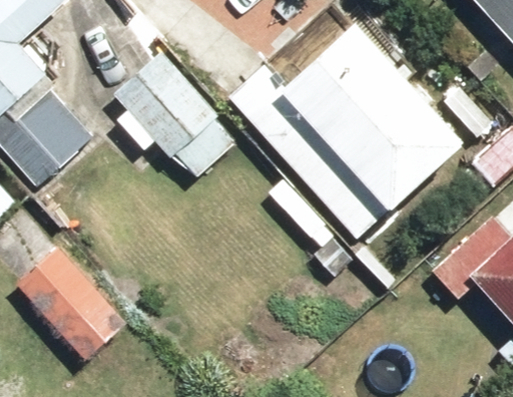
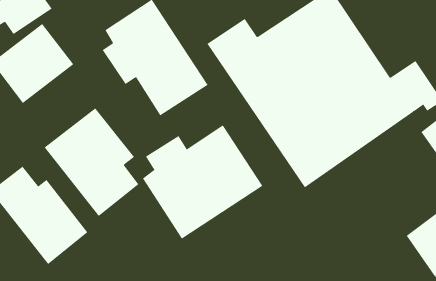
building: none -> [44,108,139,217]
building: none -> [142,125,263,239]

